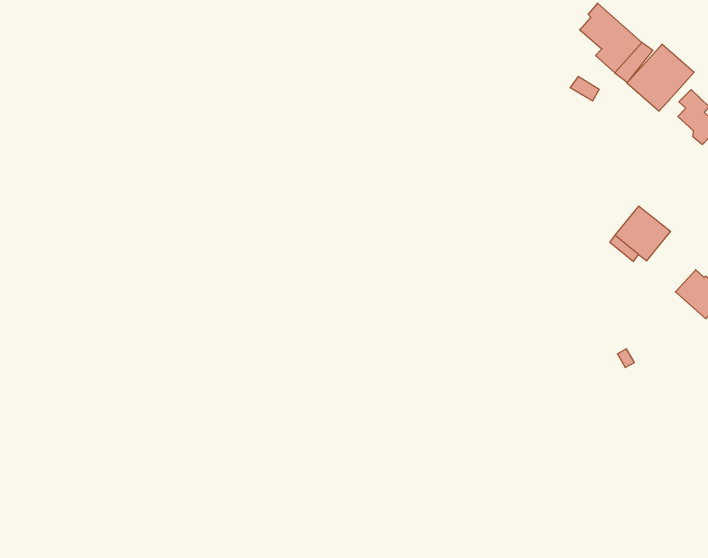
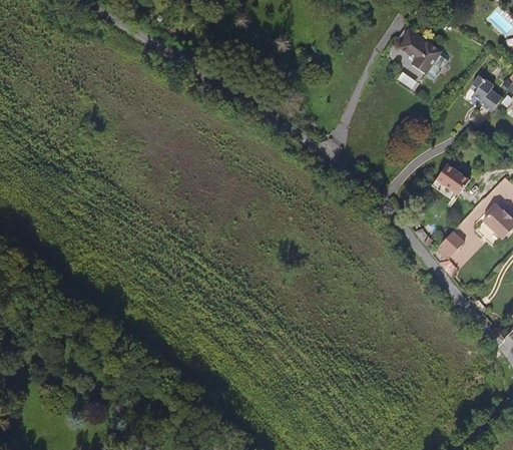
building: [627,44,694,111] -> none
building: none -> [439,229,467,257]

